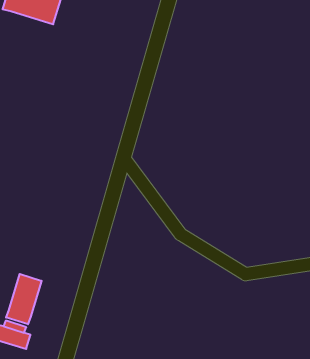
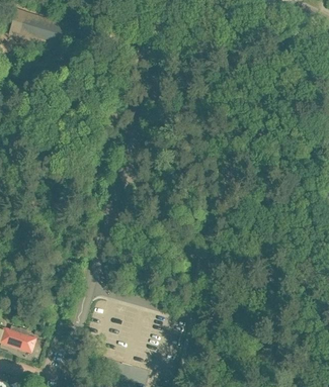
building: [6,274,42,324] -> none

